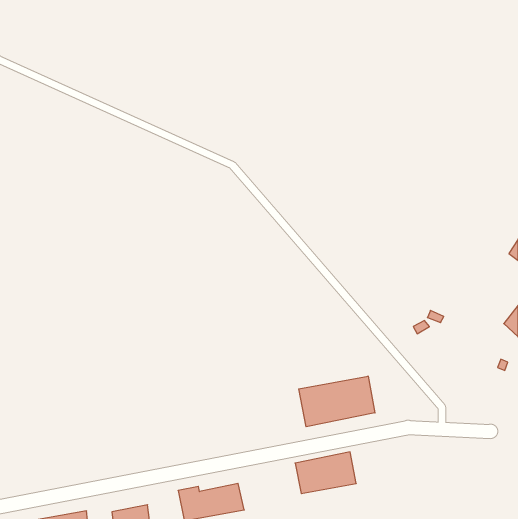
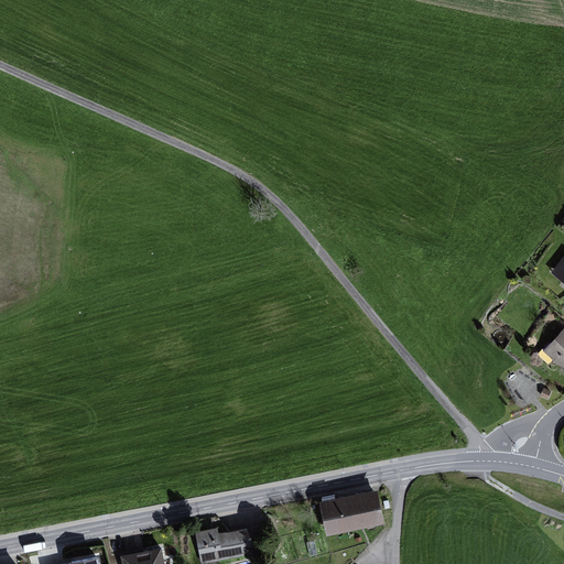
building: [299,376,375,427] -> none

